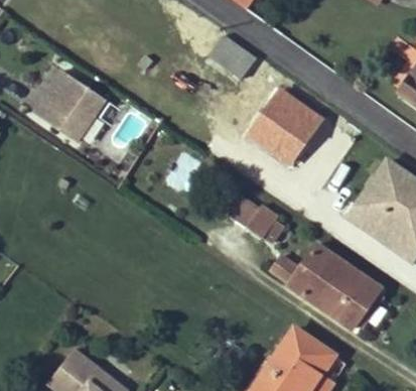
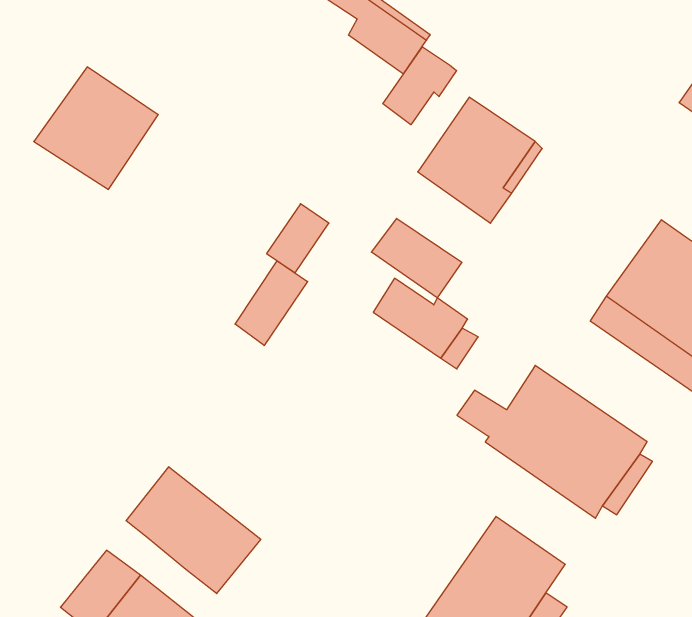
building: none -> [383,47,457,125]
building: none -> [371,218,462,298]
building: none -> [235,261,308,346]
building: none -> [126,467,261,594]

